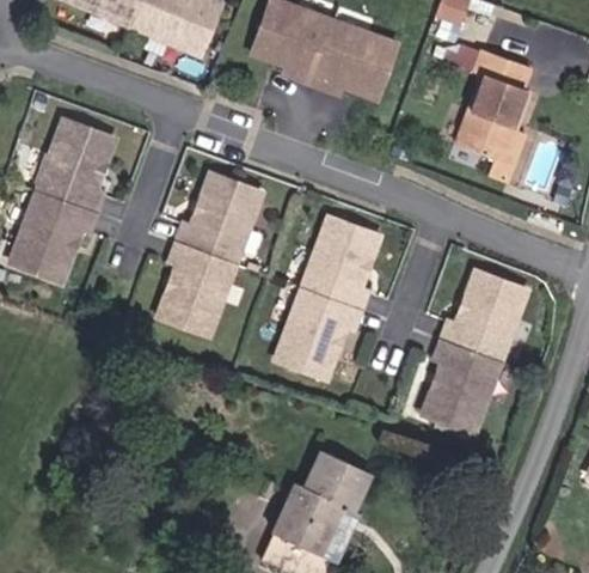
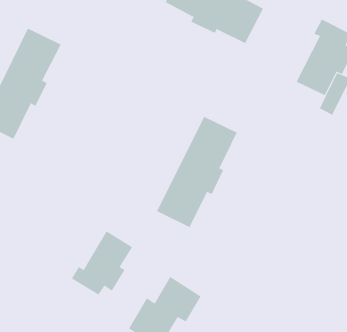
building: [160,172,260,335] -> none
building: [428,263,528,425] -> none
building: none -> [71,231,133,295]

